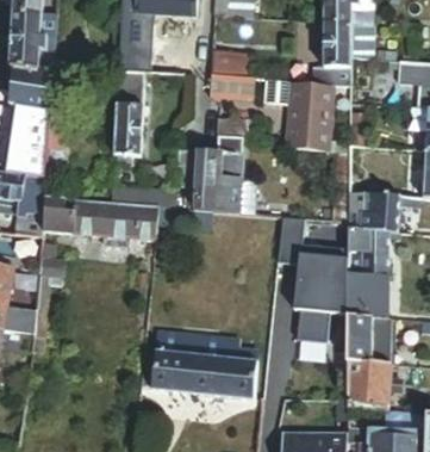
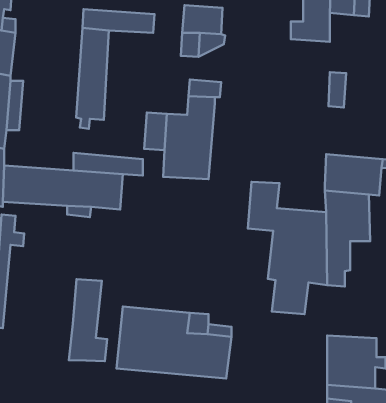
building: [286,79,332,148] -> none
building: none -> [69,279,107,361]
building: [348,312,394,363] -> none

